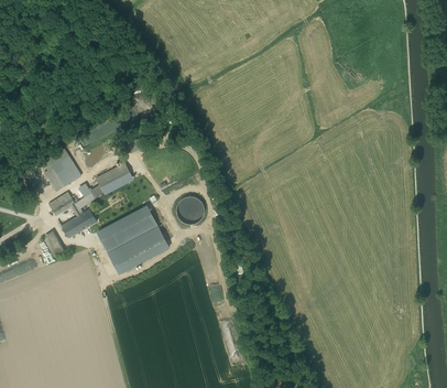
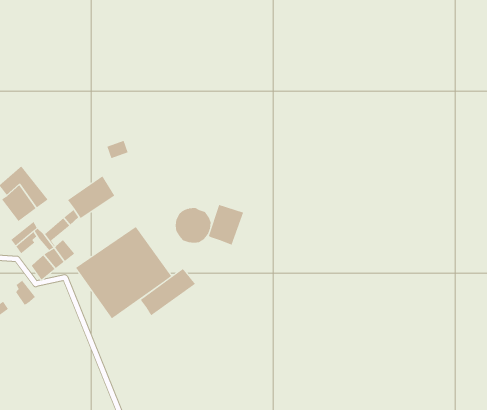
building: none -> [208,204,244,246]
building: none -> [141,268,196,316]

